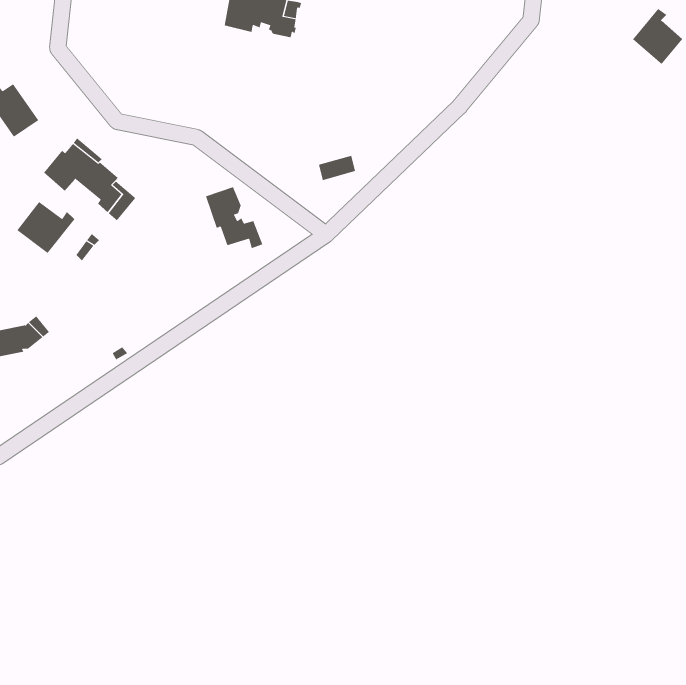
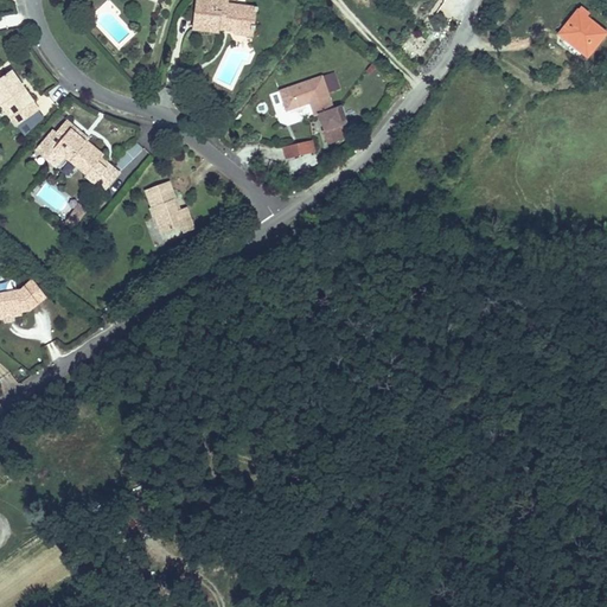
building: none -> [281,78,345,134]
building: [205,187,263,249] -> [143,181,194,236]
building: [16,201,75,254] -> none

